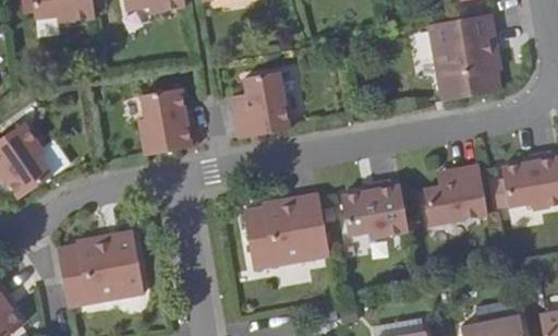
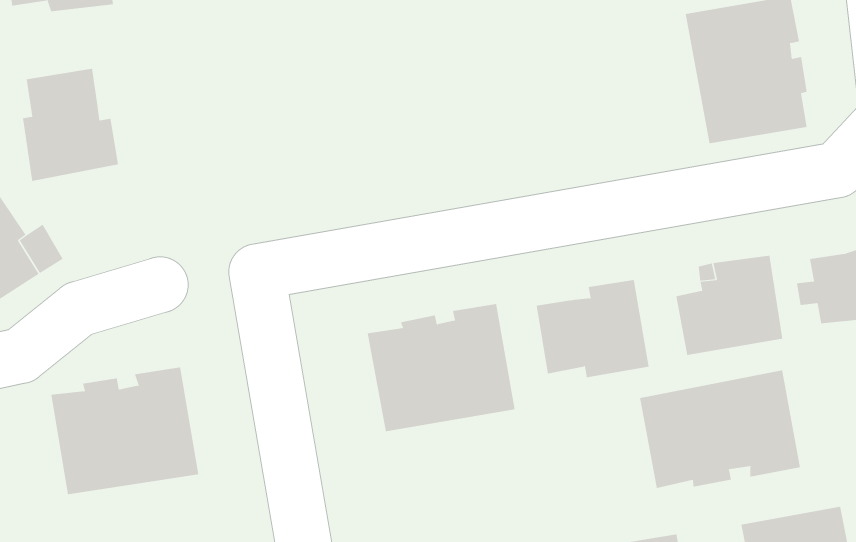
building: [234,71,292,137] -> none
building: [140,88,196,155] -> [22,68,119,181]
building: none -> [639,369,800,489]

